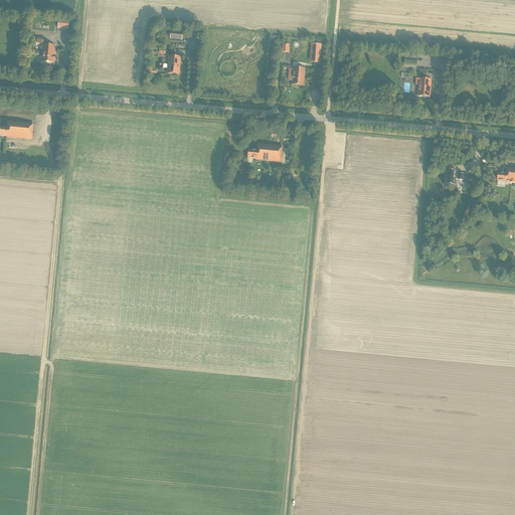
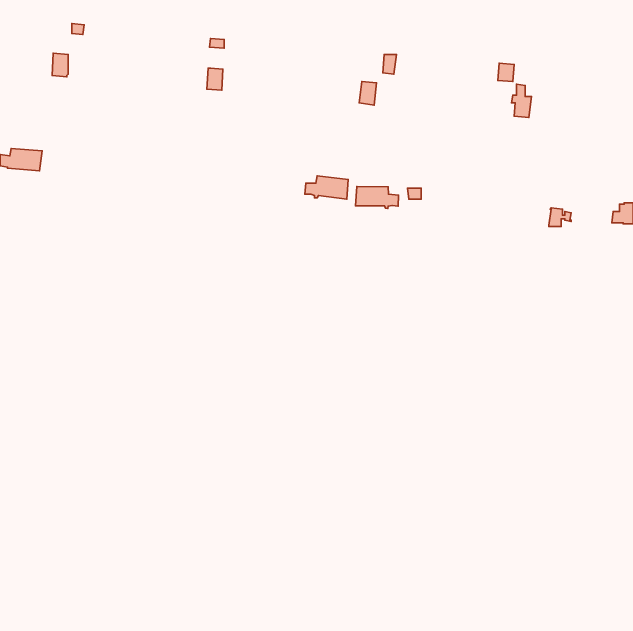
building: none -> [356,186,398,209]

